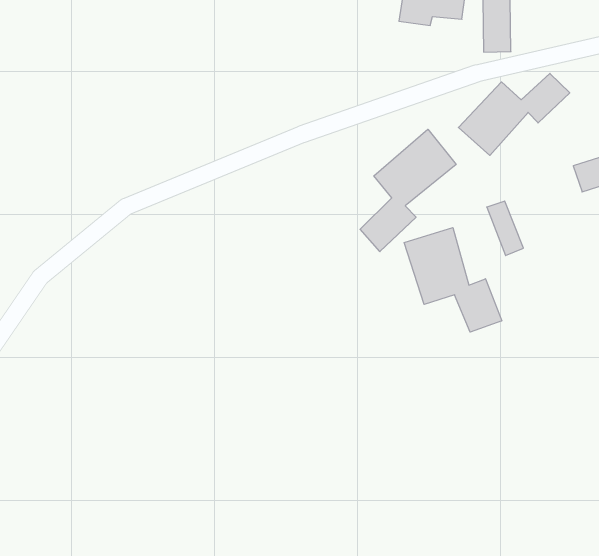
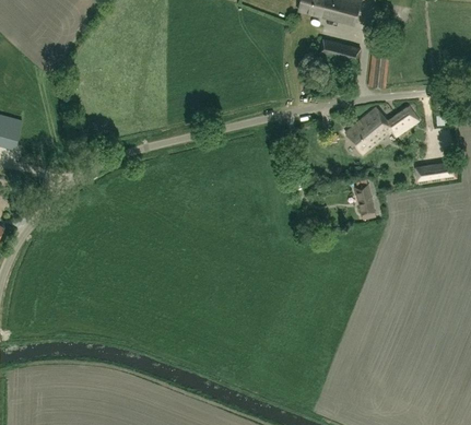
building: [360,129,456,252] -> none
building: [404,228,502,332] -> none

